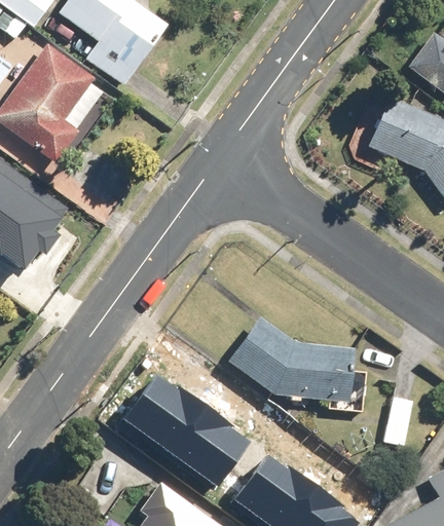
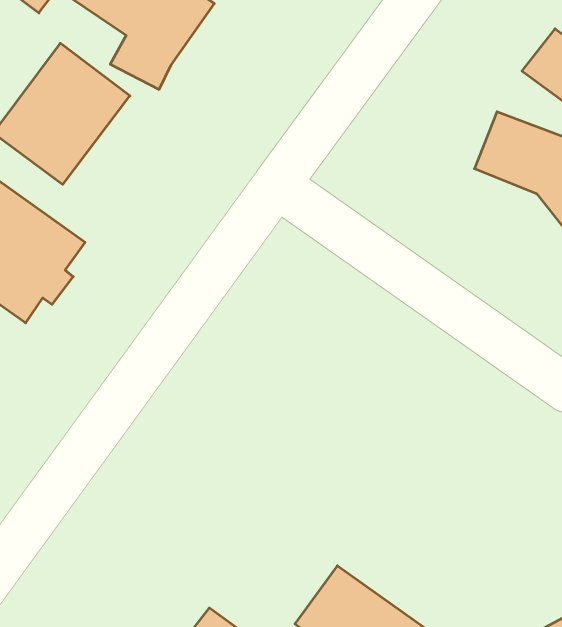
building: [227,317,351,401] -> none
building: [120,373,253,491] -> none

